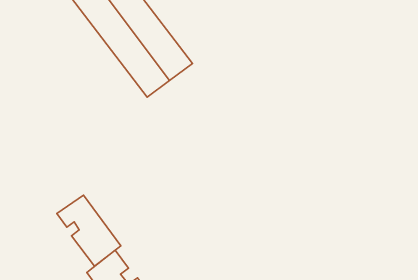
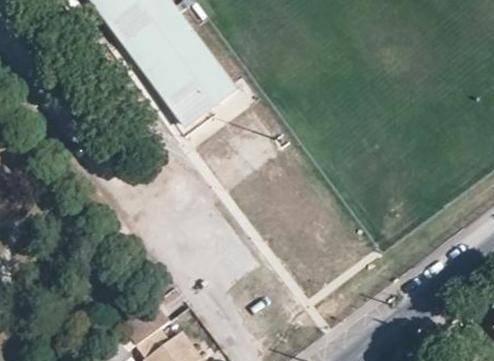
building: [57,195,121,266] -> none

